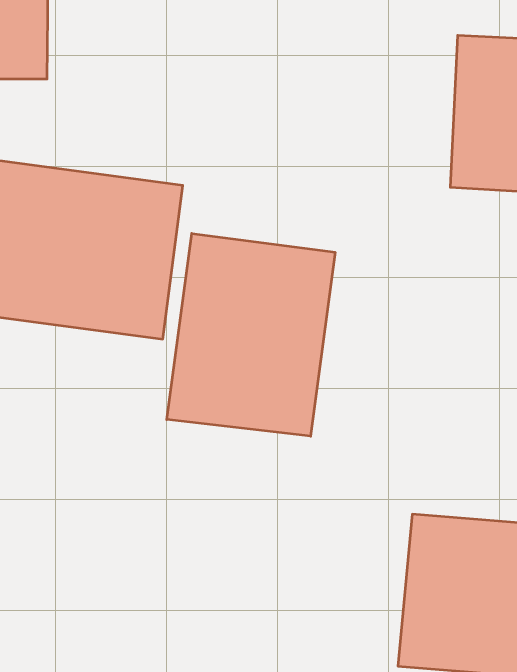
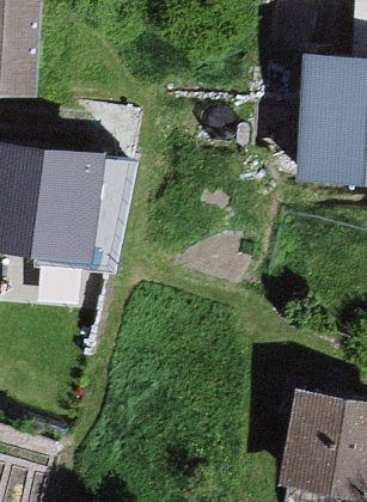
building: [167,233,335,436] -> none

